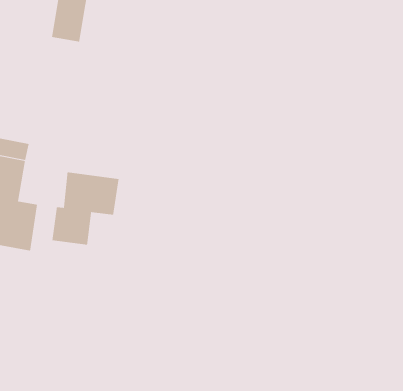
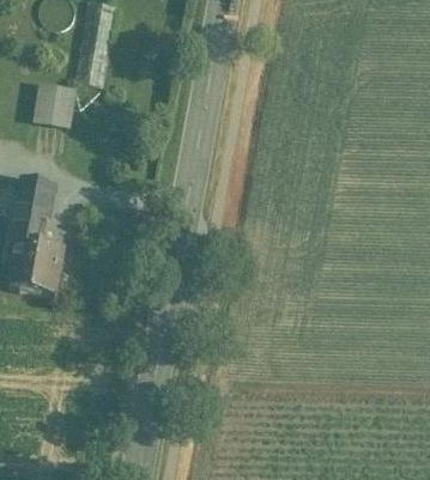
building: none -> [34,83,74,124]
building: [52,171,119,245] -> none

